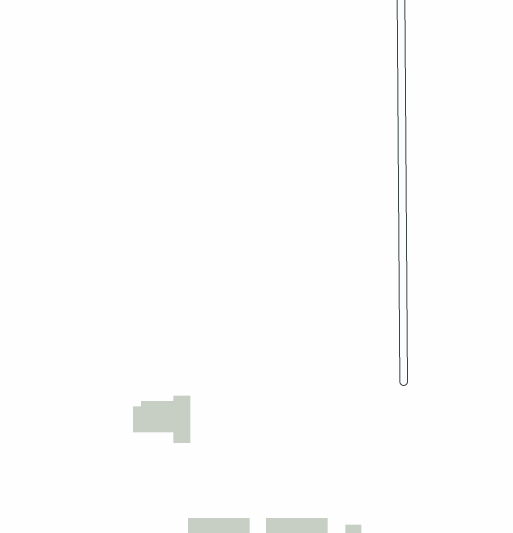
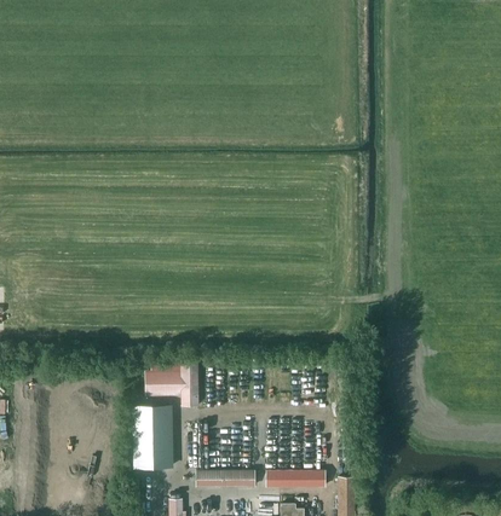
building: none -> [134,406,172,468]

